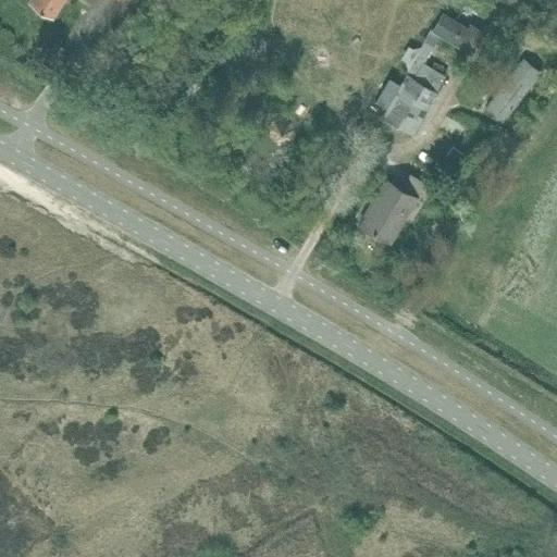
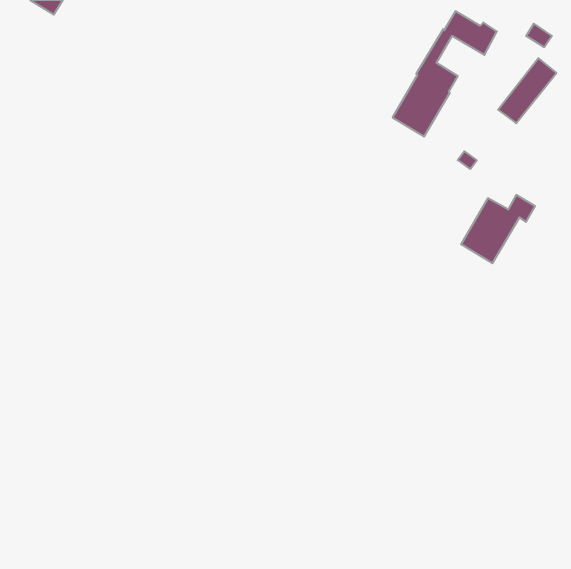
building: [358,177,430,244] -> [461,195,535,263]

